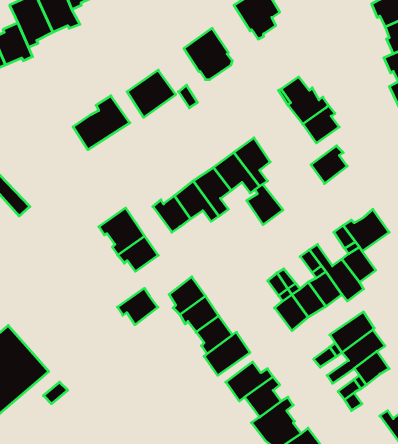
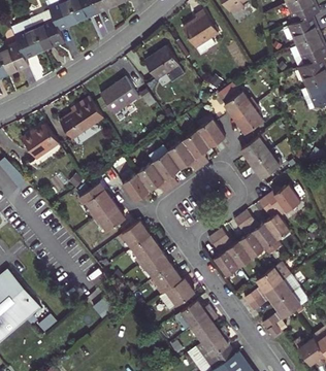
building: none -> [22,124,59,158]
building: none -> [252,150,283,178]
building: [247,184,283,225] -> [198,116,226,147]
building: [117,288,158,325] -> [120,221,151,248]

